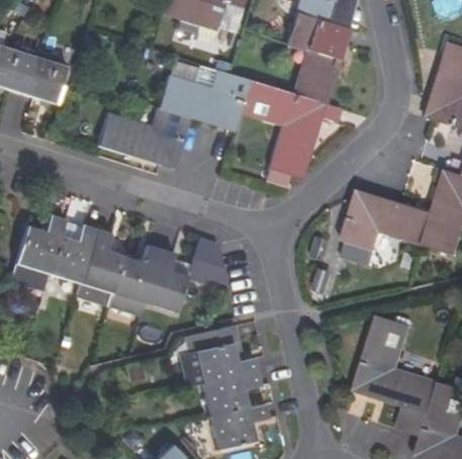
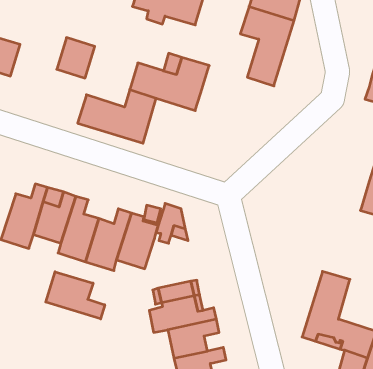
building: [22,56,66,102] -> [57,38,95,78]
building: [240,80,340,178] -> none
building: [343,190,433,264] -> none
building: none -> [46,272,105,319]

